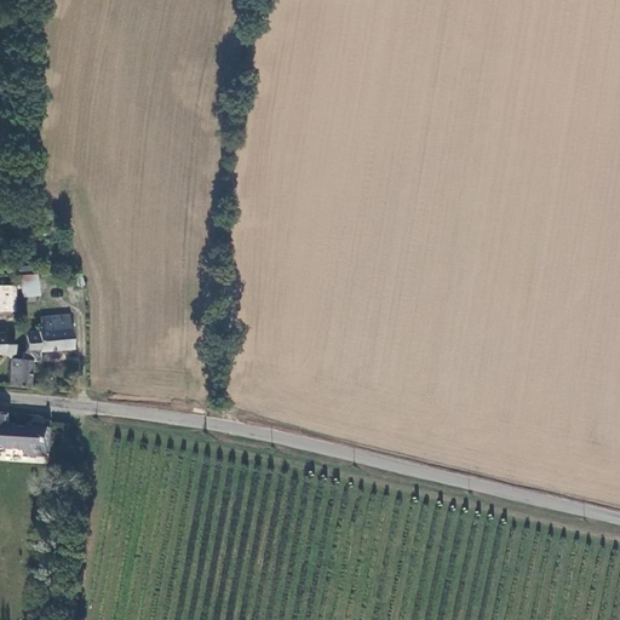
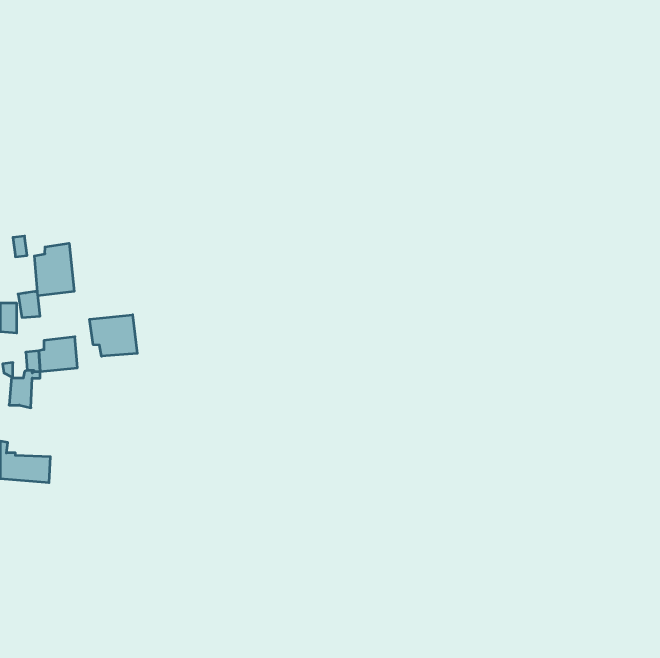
building: none -> [34,243,74,296]
building: none -> [90,315,137,356]

